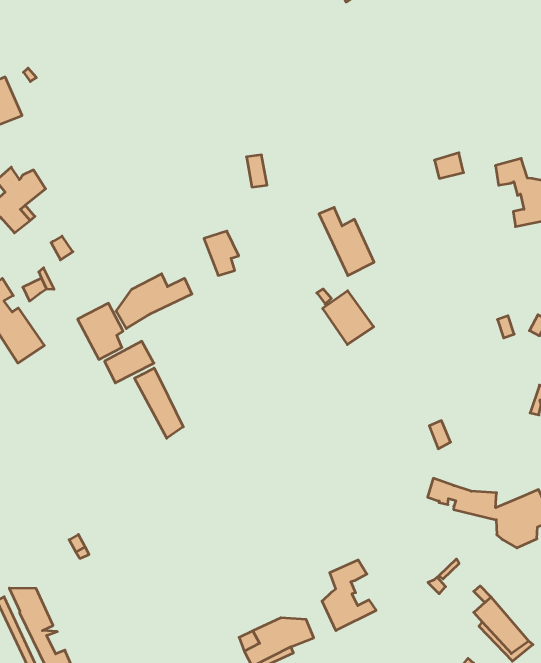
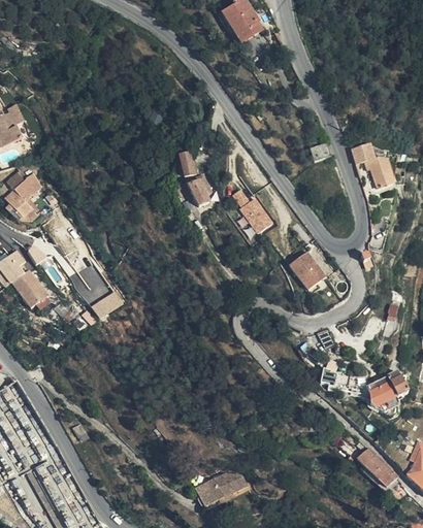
building: [204,231,239,275] -> [187,174,212,205]
building: [116,274,192,329] -> none
building: [323,291,374,345] -> [290,253,326,290]
building: [135,368,183,438] -> none
building: [322,560,376,631] -> none

